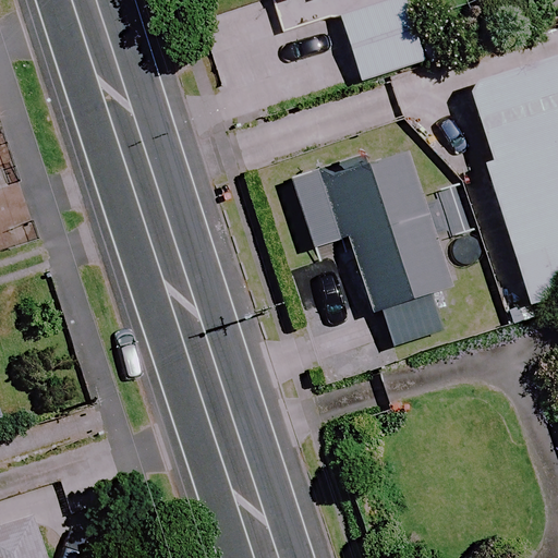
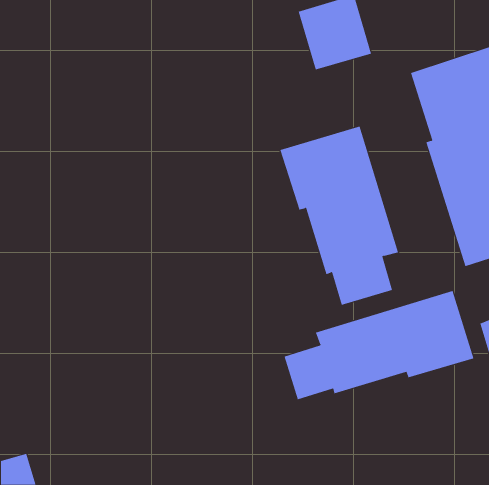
building: none -> [284,290,474,400]

